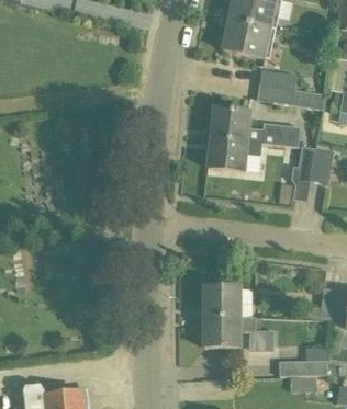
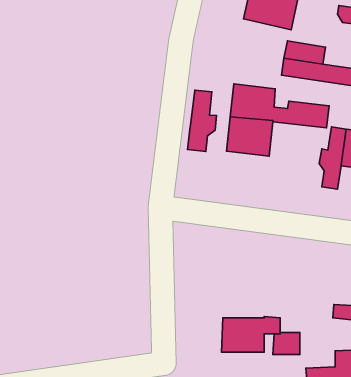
building: none -> [188,90,216,152]
building: [203,286,240,317] -> none

